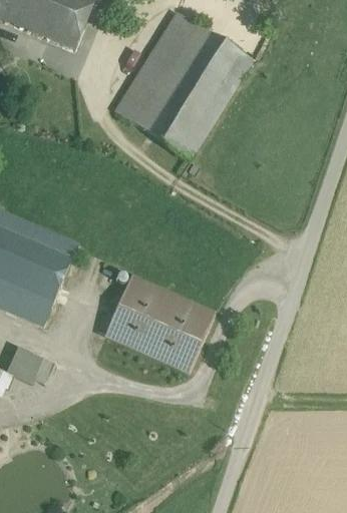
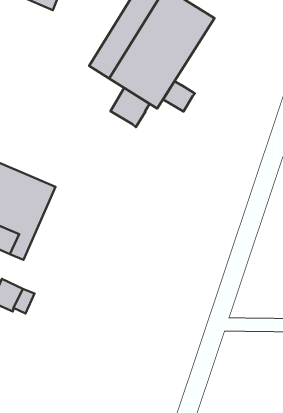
building: none -> [163,81,195,112]
building: none -> [111,88,149,127]
building: [104,276,215,372] -> none

